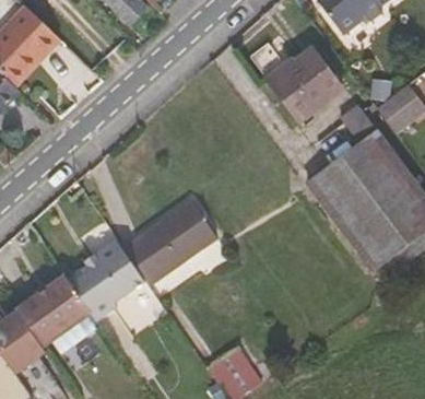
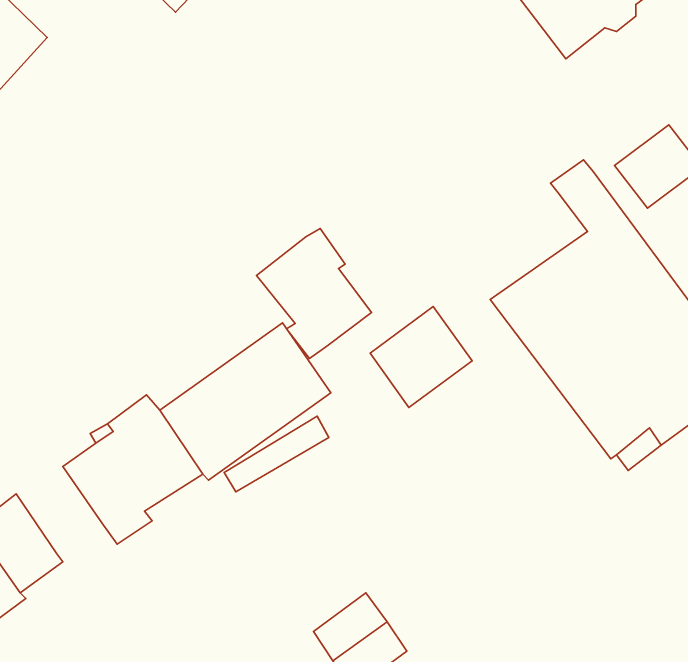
building: [269,47,342,120] -> none
building: none -> [256,228,371,359]
building: none -> [370,307,472,408]
building: [37,271,87,325] -> none

